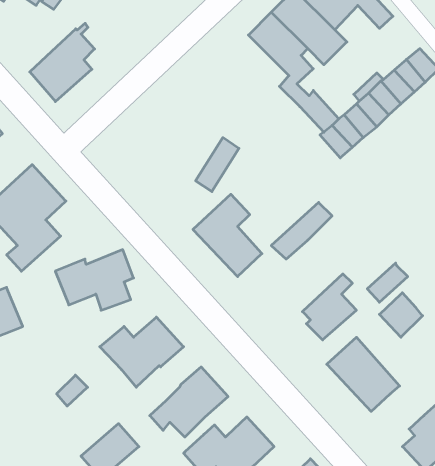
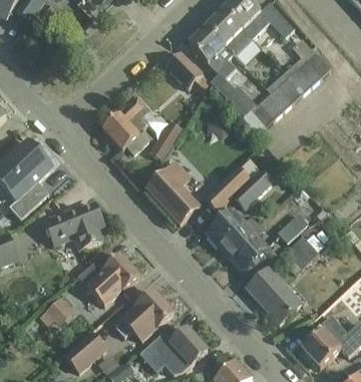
building: [30,23,95,102] -> [103,91,151,149]
building: none -> [166,51,211,91]
building: none -> [233,171,272,209]
building: none -> [209,210,259,249]

